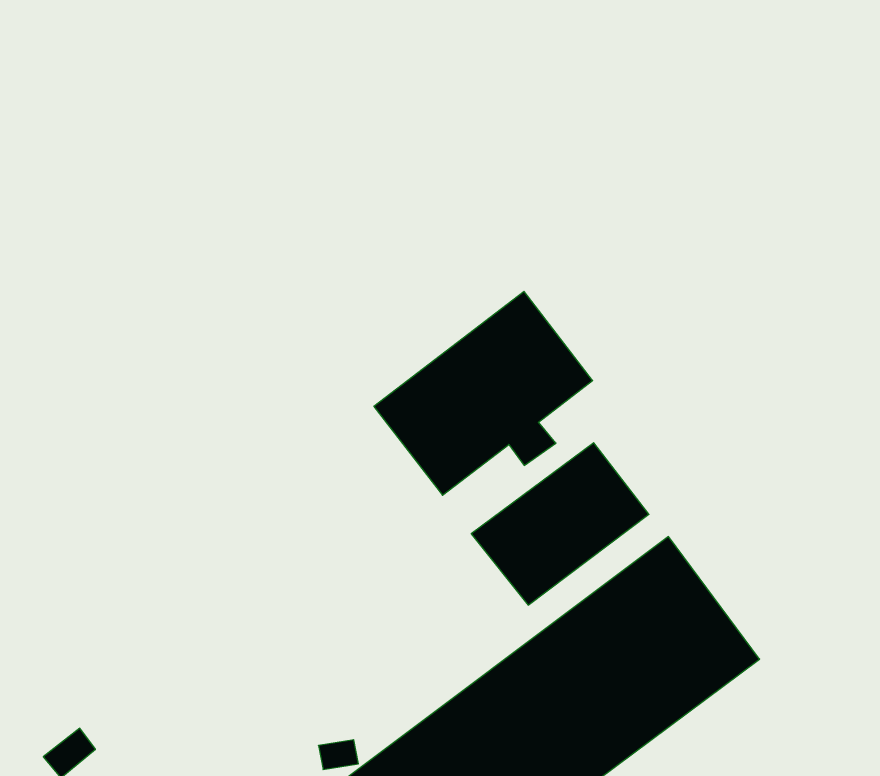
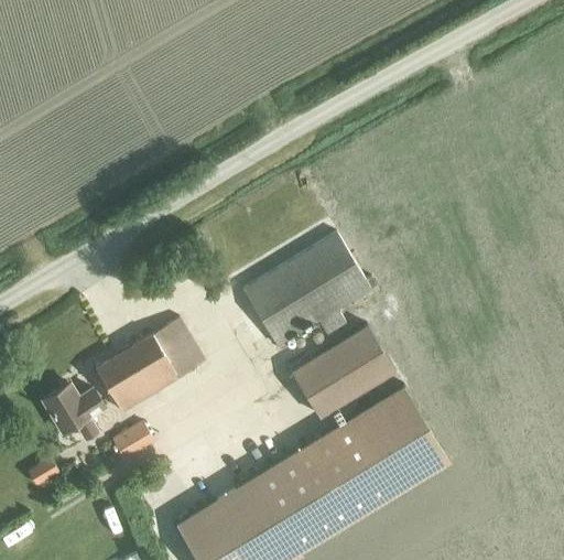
building: none -> [95,319,205,412]
building: none -> [43,386,104,441]
building: none -> [111,421,153,459]

